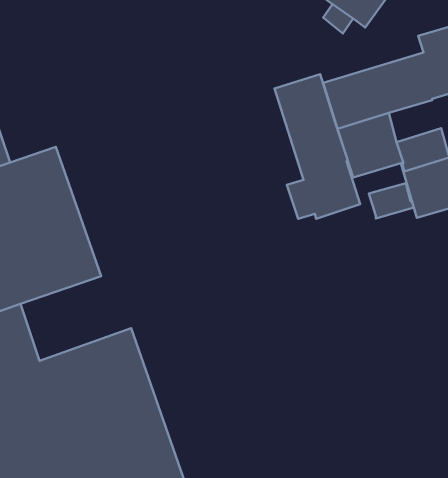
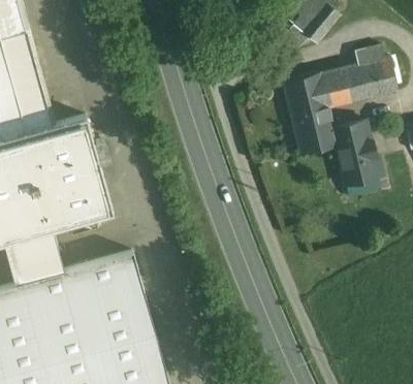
building: [274,74,360,219] -> none
building: [369,183,414,218] -> none

